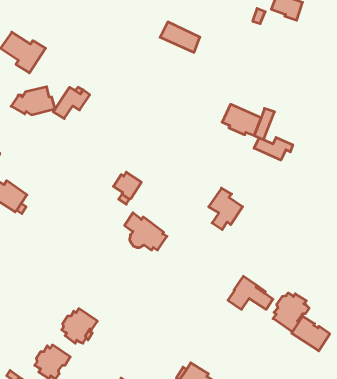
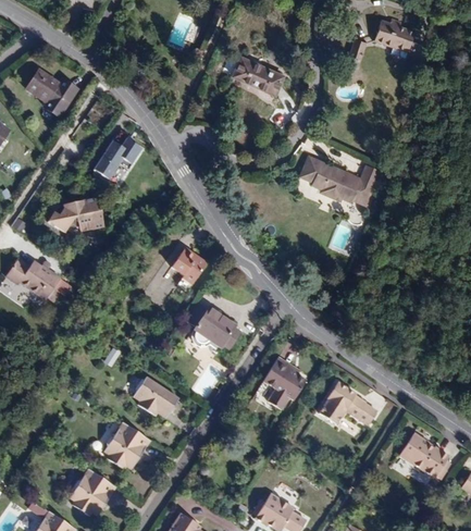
building: [11,87,55,115] -> [47,196,103,232]
building: none -> [295,155,321,184]
building: [254,137,293,160] -> none
building: [209,188,243,230] -> [262,353,306,406]
building: none -> [134,375,177,417]
building: [273,293,309,332] -> none

